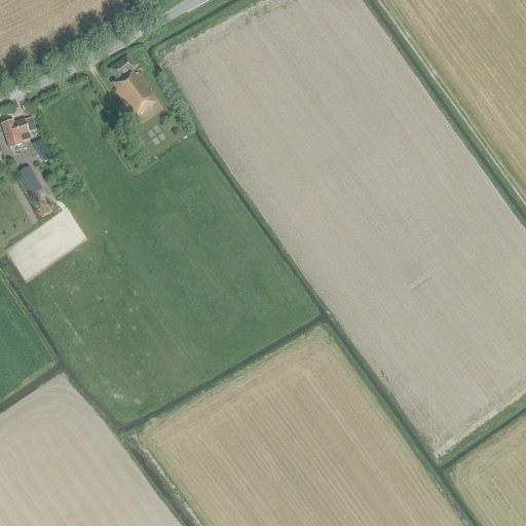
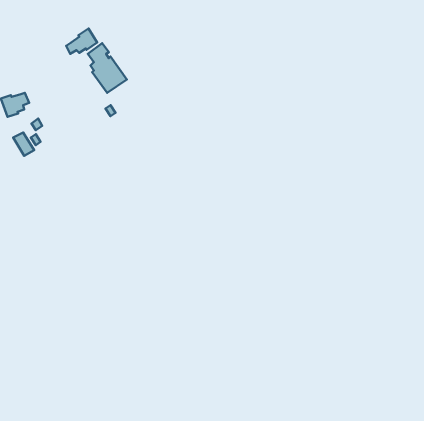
building: none -> [66,29,97,54]

